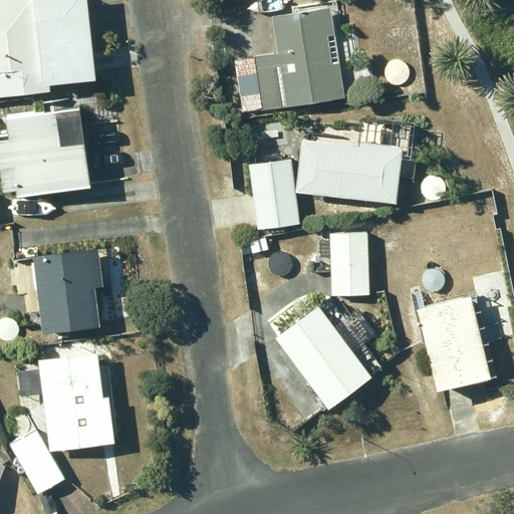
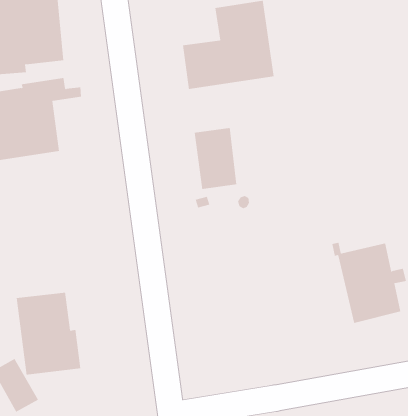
building: [296,139,402,203] -> none
building: [329,235,368,295] -> none
building: [27,249,109,335] -> none
building: [270,300,371,410] -> none

